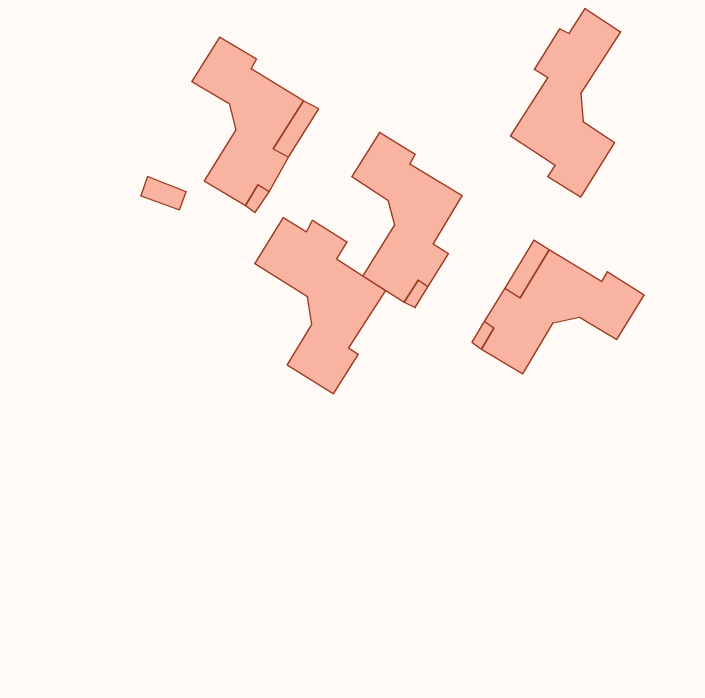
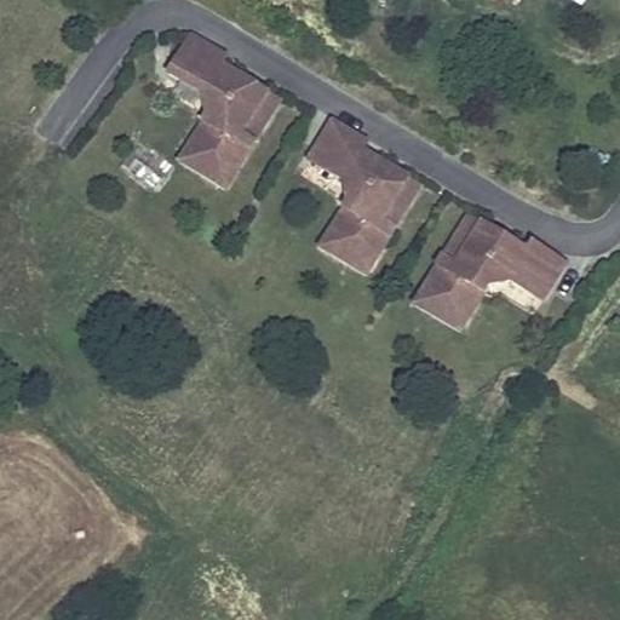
building: [510,8,621,197] -> none
building: [255,218,385,394] -> none

